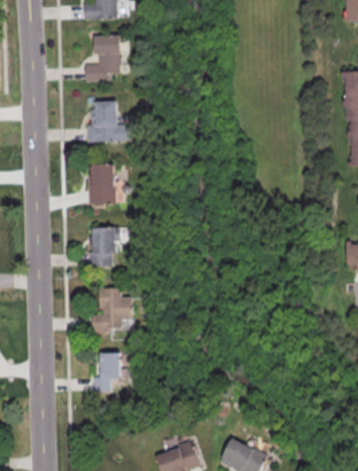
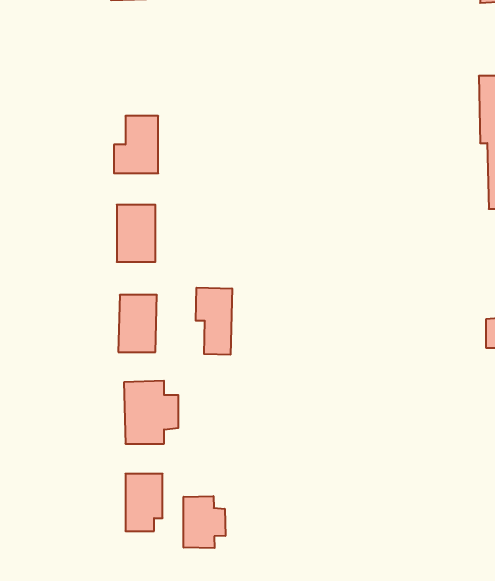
building: [85,34,121,80] -> none
building: none -> [196,288,232,355]
building: none -> [184,496,225,548]

